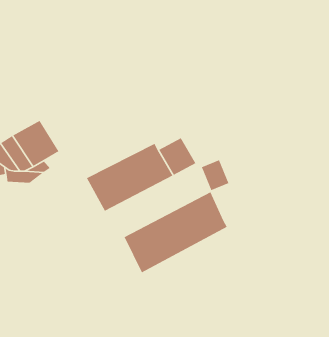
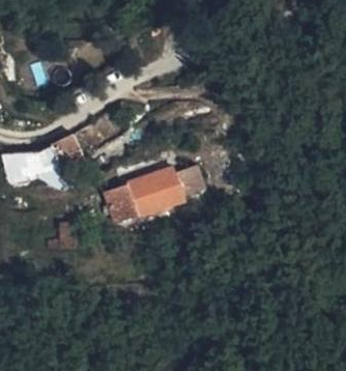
building: [123,191,228,274] -> none

